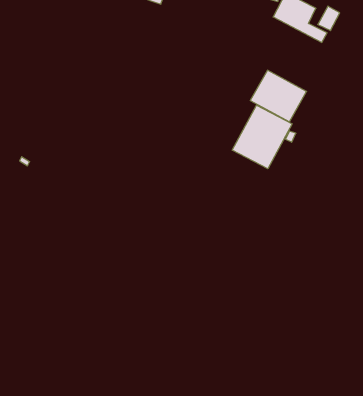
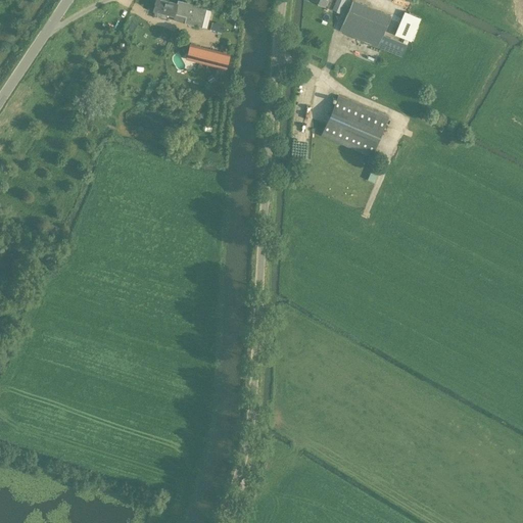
building: none -> [186,44,229,68]
building: [232,105,292,169] -> none

